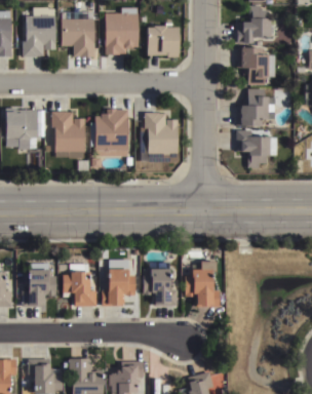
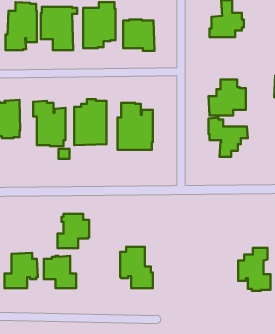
building: [236,47,275,84] -> none
building: [185,262,219,307] -> [238,248,271,291]
building: [103,270,135,306] -> [58,214,89,248]

